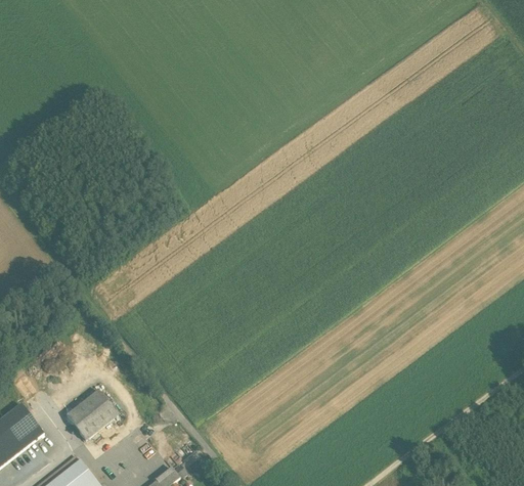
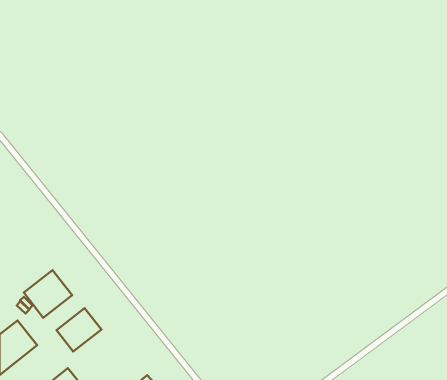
building: none -> [24,270,72,318]

